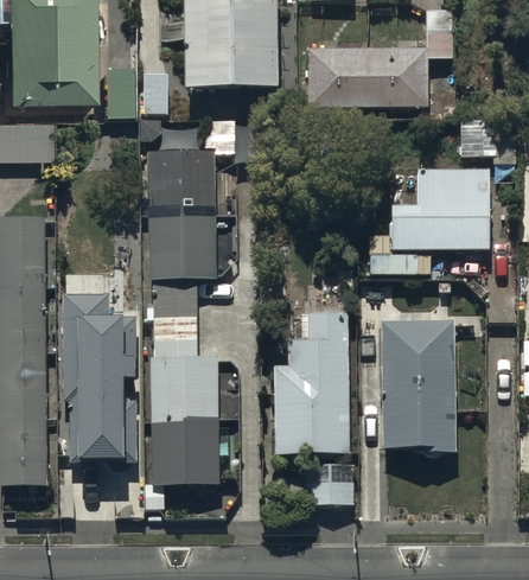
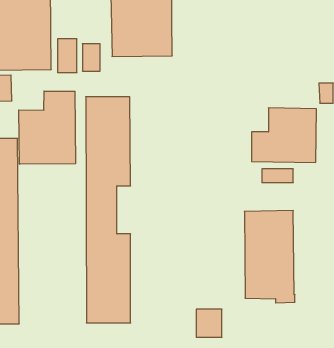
building: [307,46,436,106] -> none
building: none -> [19,91,75,164]
building: [62,291,135,466] -> none
building: [276,312,348,457] -> none

